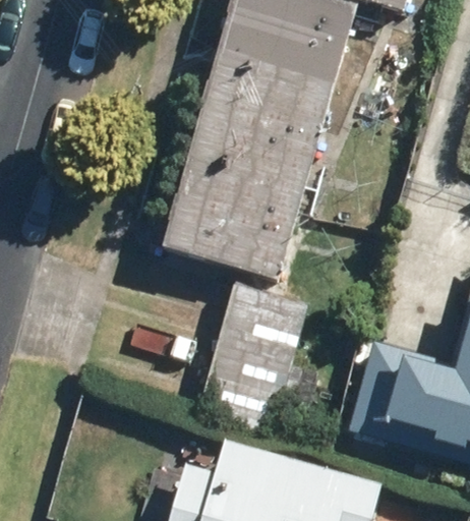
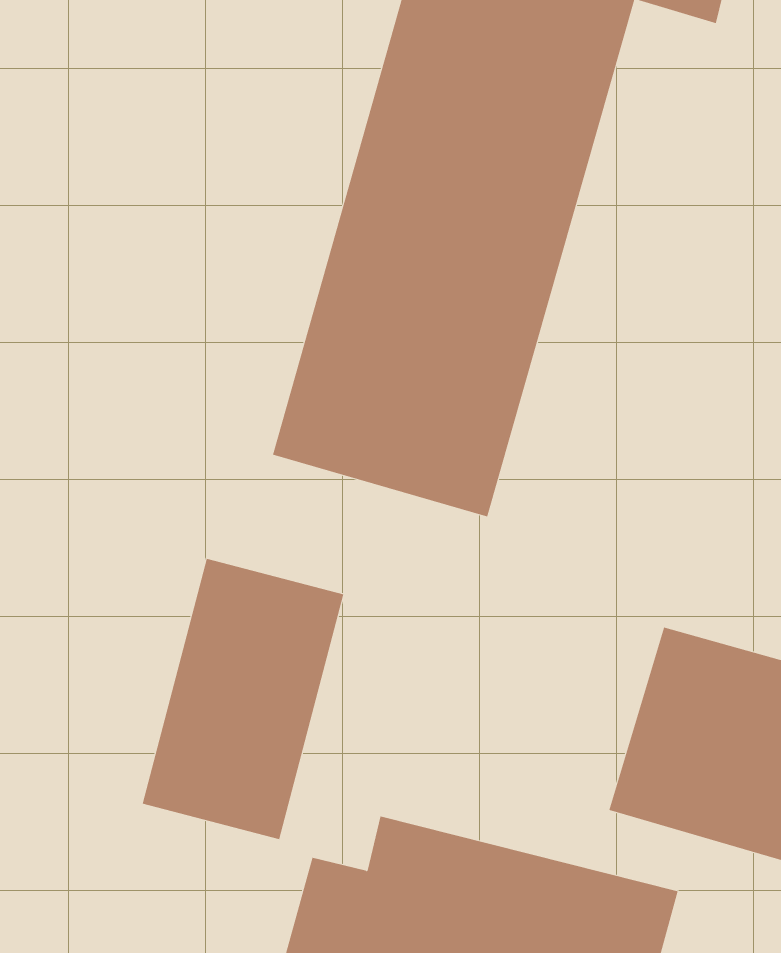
building: [198,282,307,433] -> [142,558,344,840]

